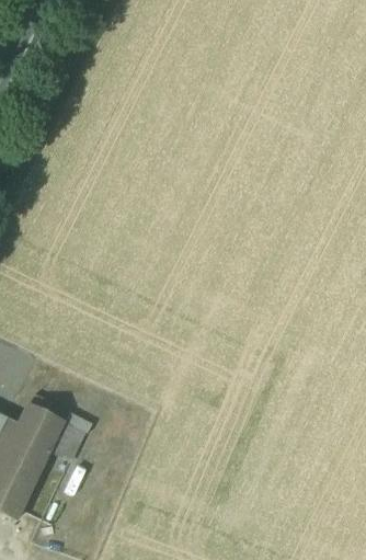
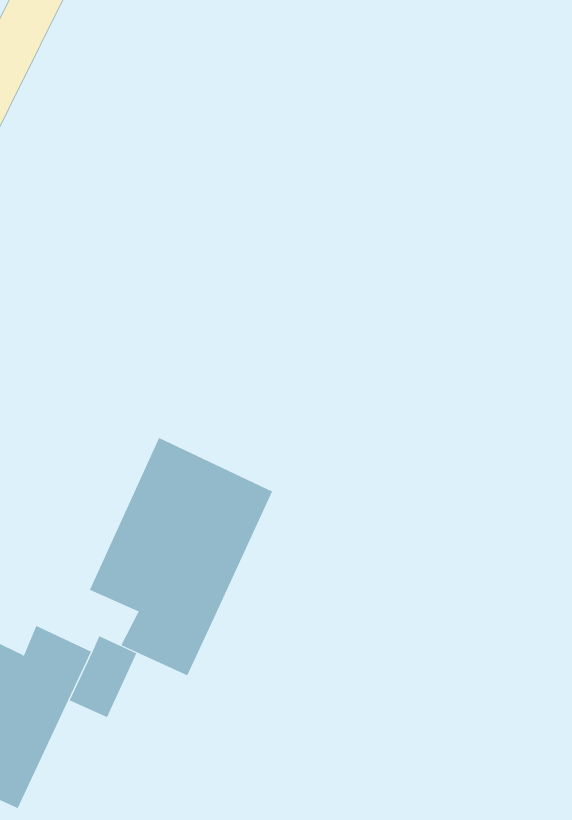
building: none -> [89,437,273,676]

